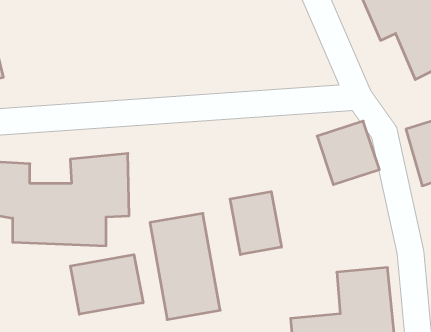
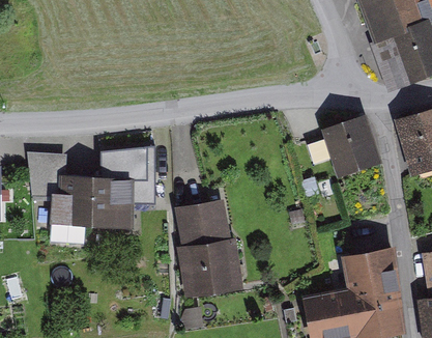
building: [230,192,281,255] -> none
building: [70,255,143,314] -> none

